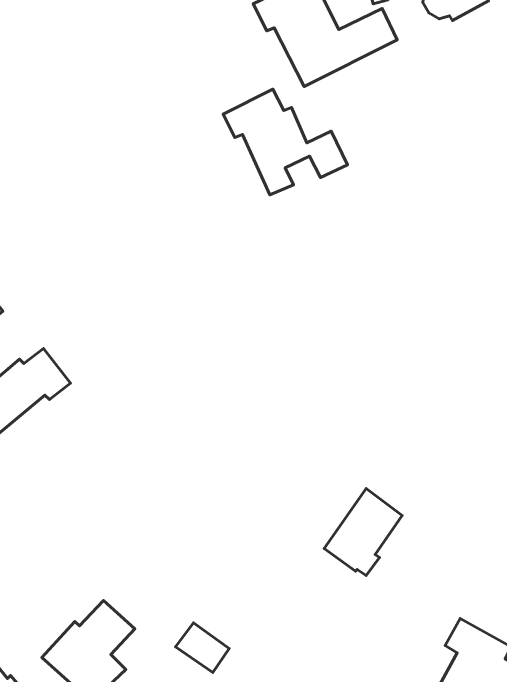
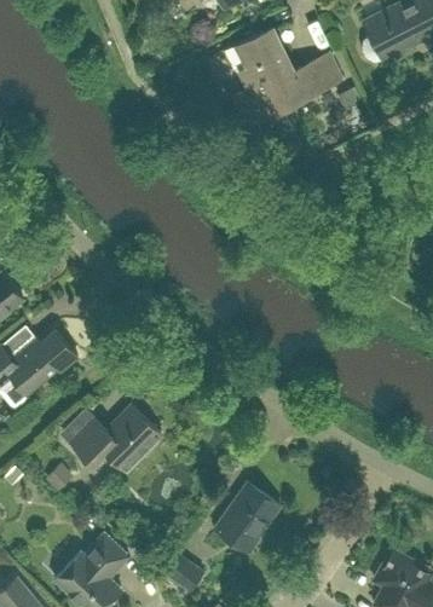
building: [223,89,347,195] -> none
building: none -> [73,405,162,469]
building: [324,489,402,576] -> [217,481,279,551]

